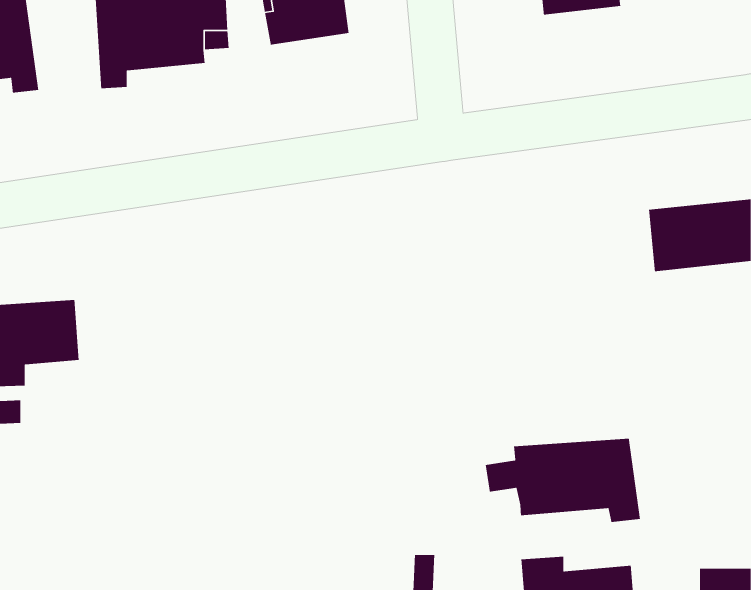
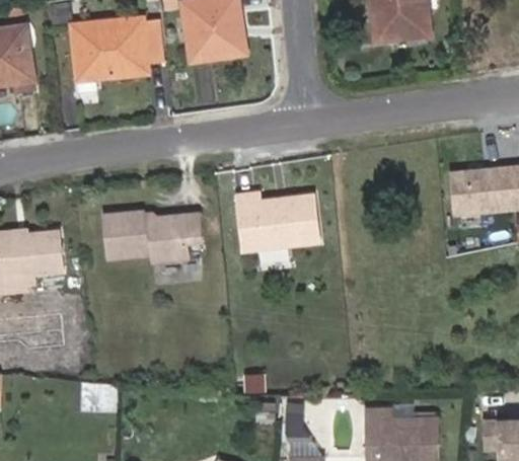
building: none -> [235,198,316,254]
building: none -> [106,212,203,262]
building: [485,438,641,523] -> none

